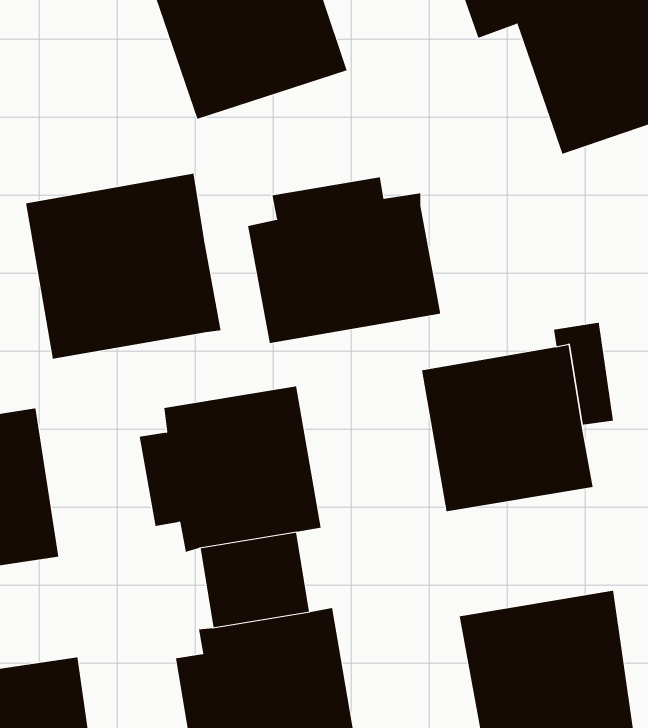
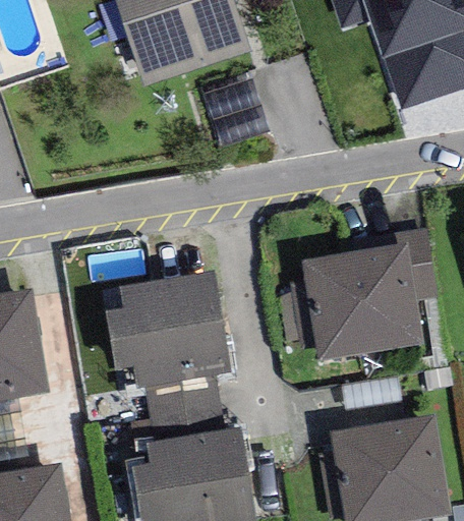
building: [26,173,221,359] -> none
building: [247,176,441,344] -> none

